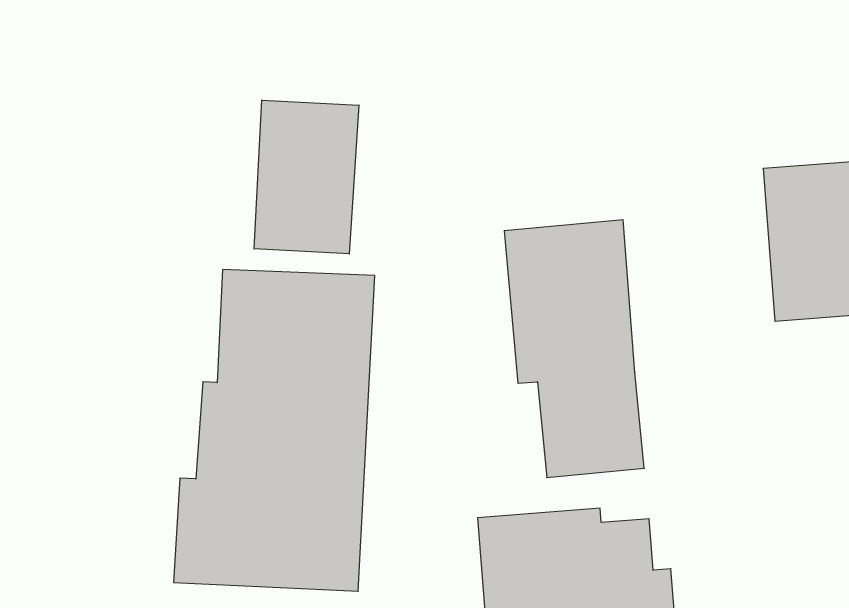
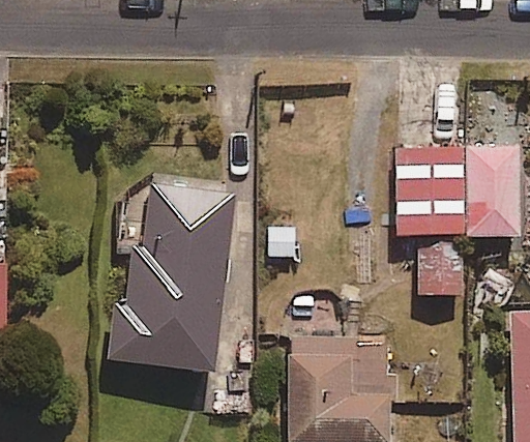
building: [254,100,359,254] -> none
building: [504,220,644,478] -> [399,147,469,293]

